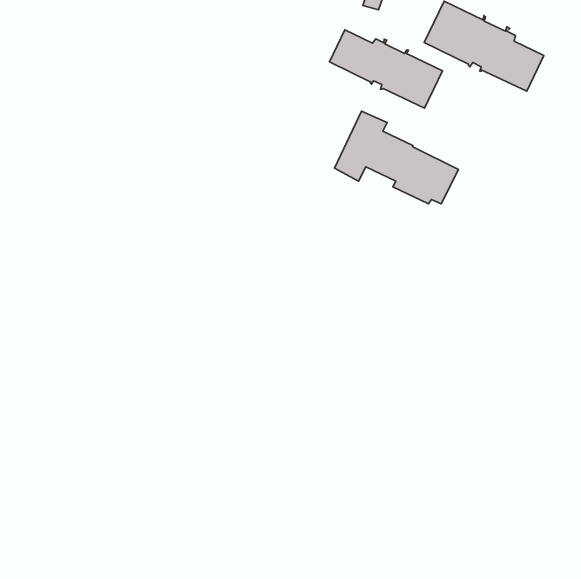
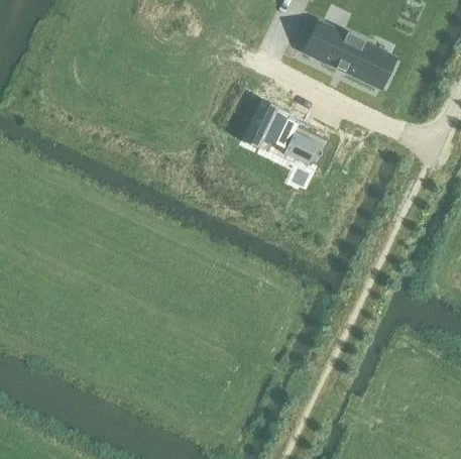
building: [329,30,442,108] -> none

